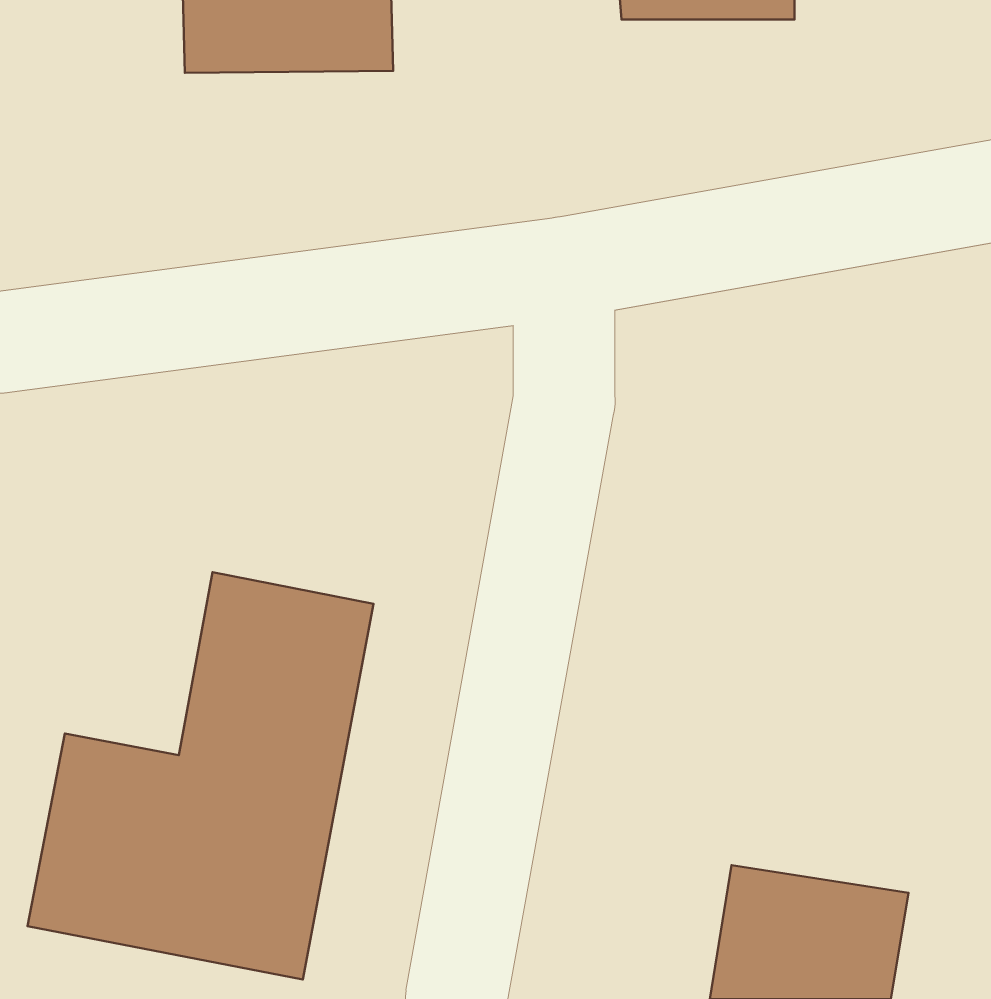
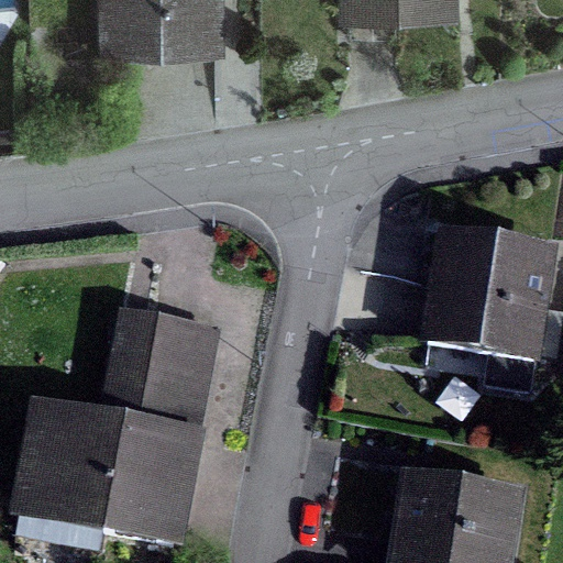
building: none -> [432,241,553,394]

